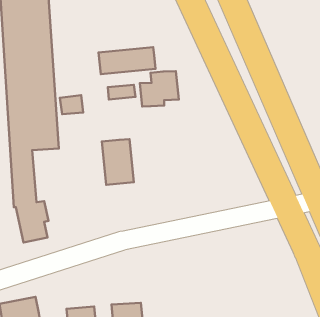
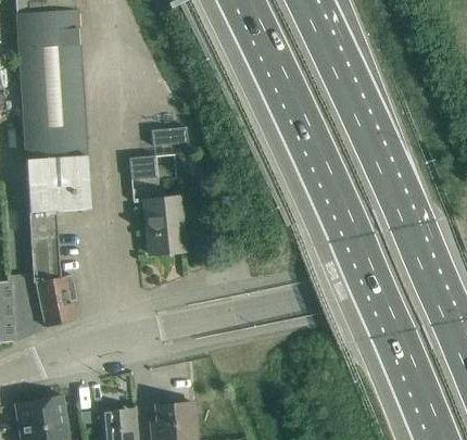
building: [99,47,156,74] -> none
building: [140,71,179,107] -> none
building: [60,95,83,114] -> [128,155,157,179]

